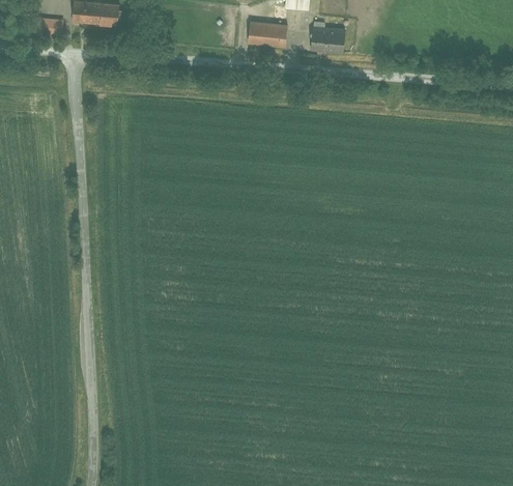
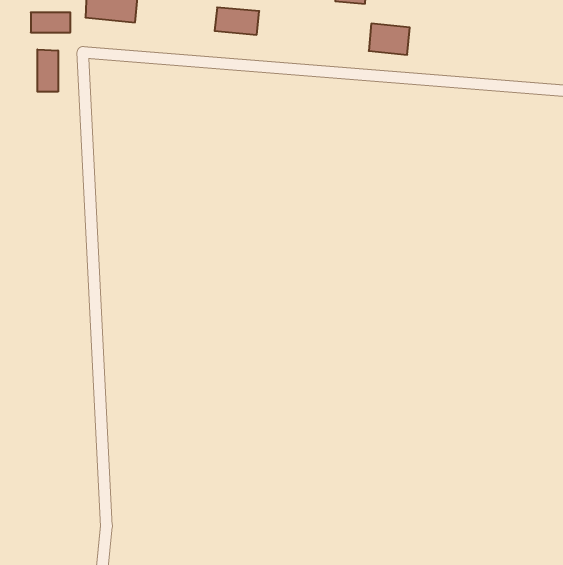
building: [248,23,285,46] -> [215,7,259,35]
building: none -> [37,49,58,92]

